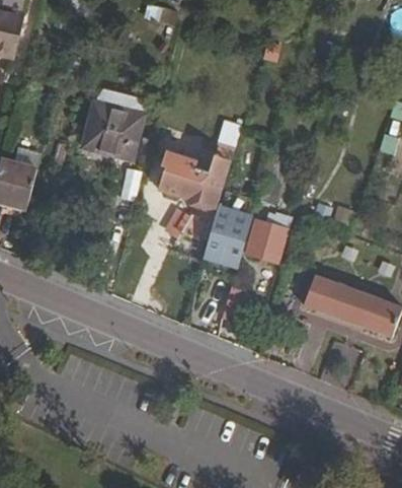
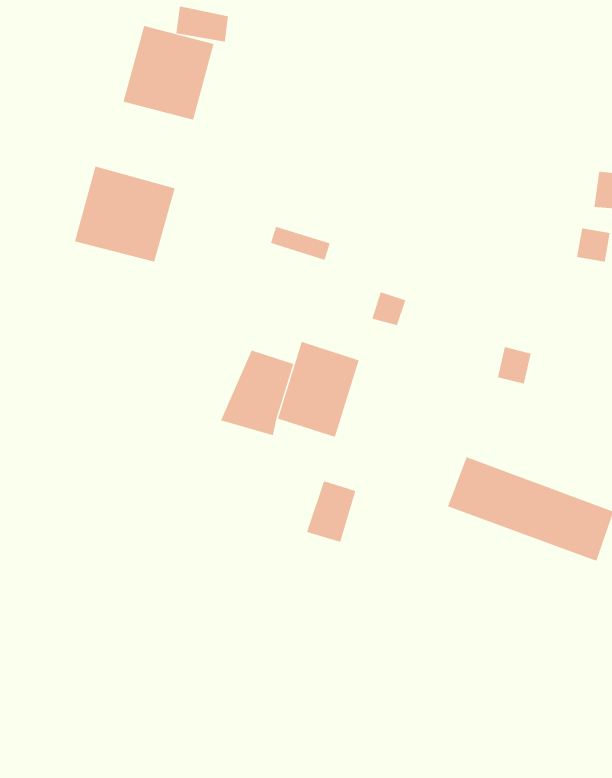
building: none -> [123,25,214,121]
building: [158,153,225,205] -> none
building: [245,219,289,264] -> none

